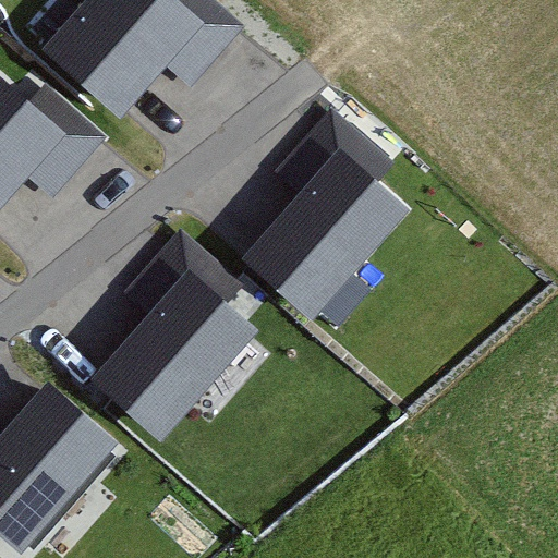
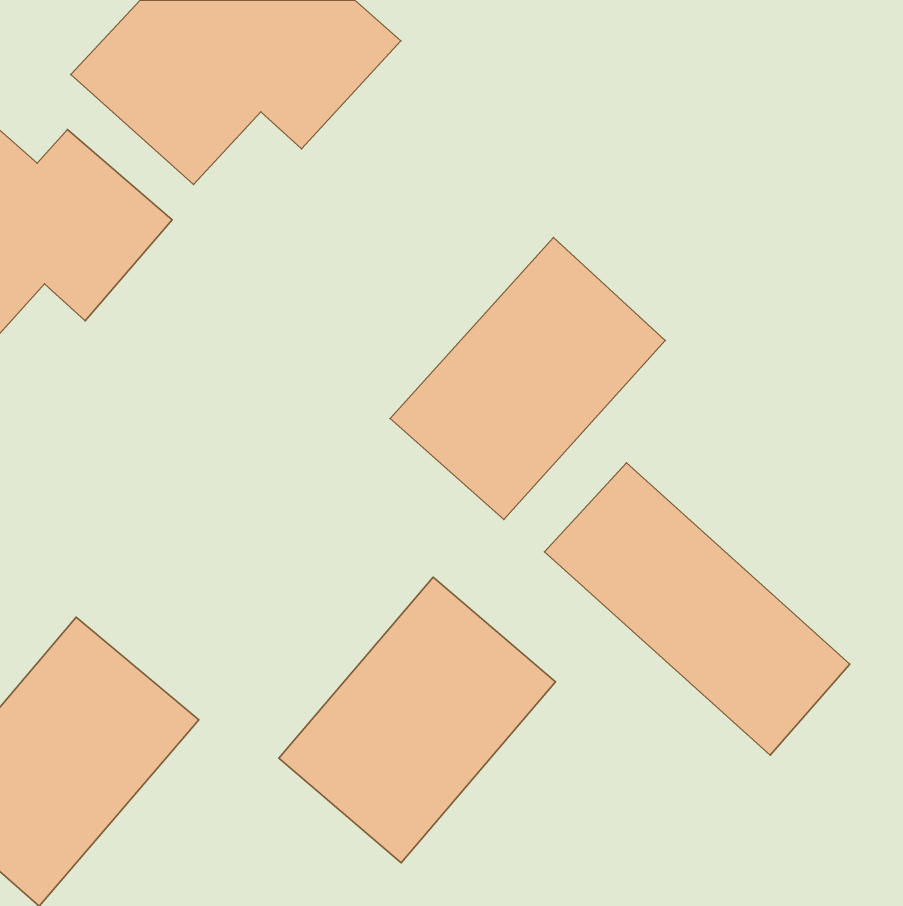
building: [88,266,258,441] -> [279,577,556,863]
building: none -> [545,463,850,755]

